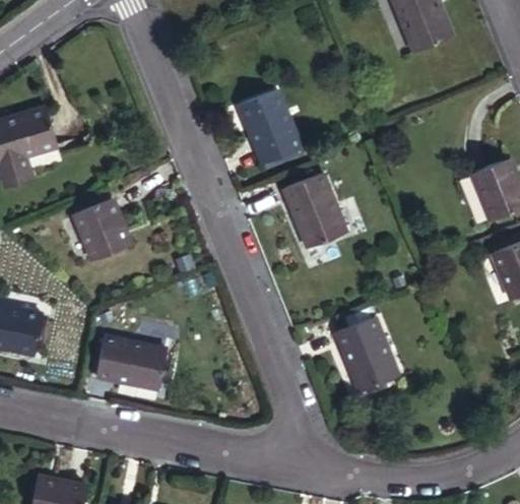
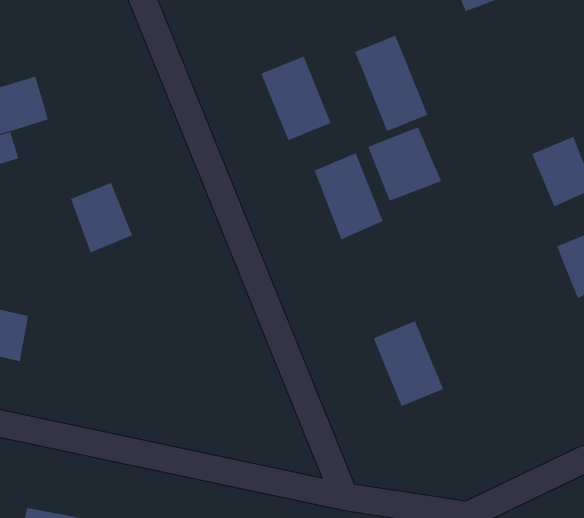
building: none -> [354,35,428,132]
building: none -> [368,126,442,202]
building: [94,336,165,389] -> none

